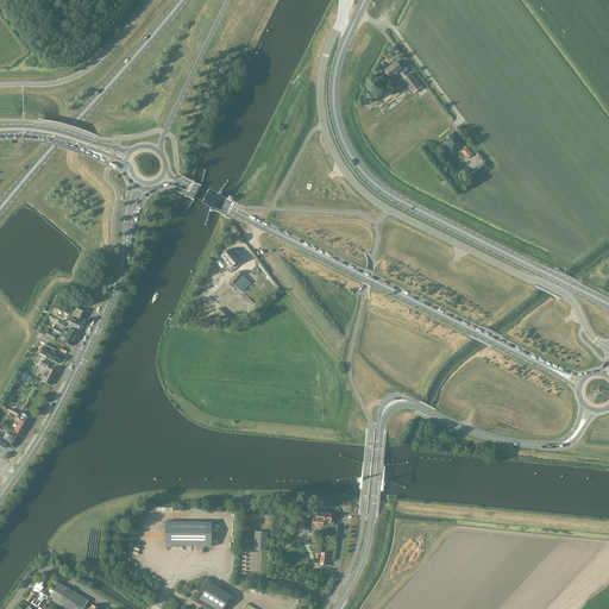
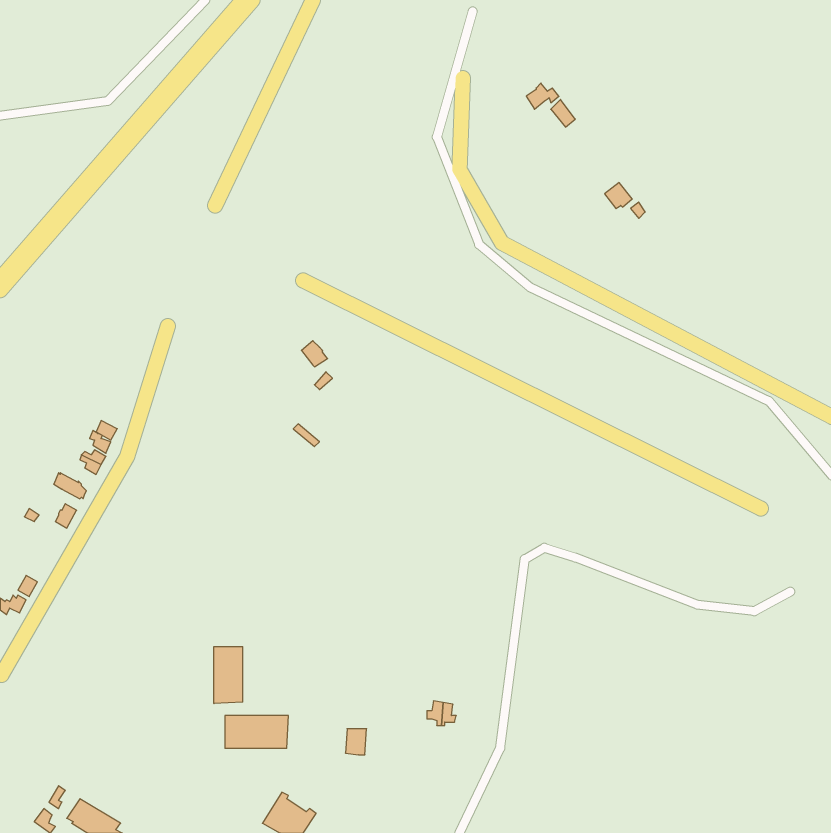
building: none -> [214,647,243,704]

